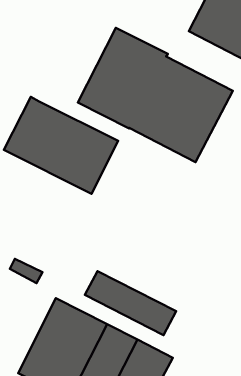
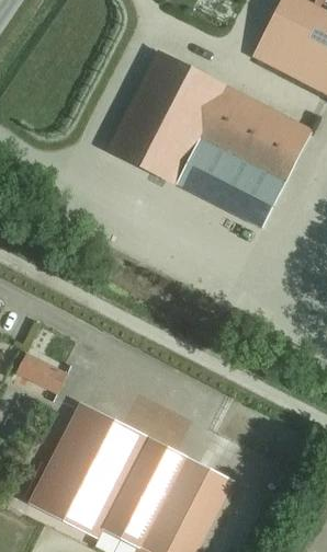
building: [4,97,118,194] -> none
building: [85,271,176,335] -> none

